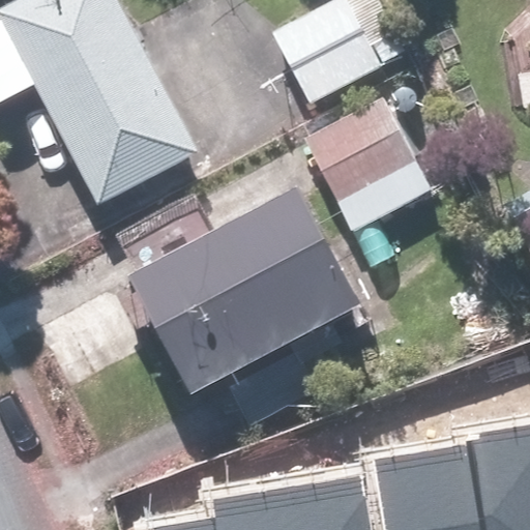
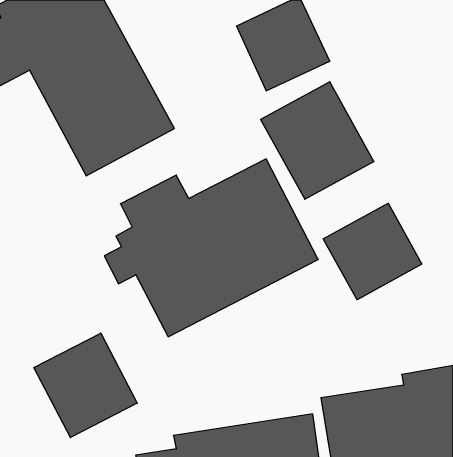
building: none -> [323,203,422,300]
building: none -> [34,333,137,438]

